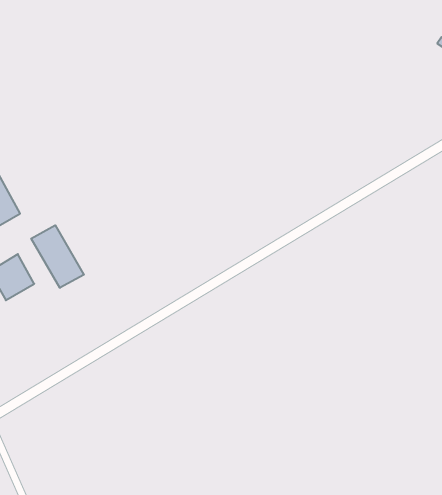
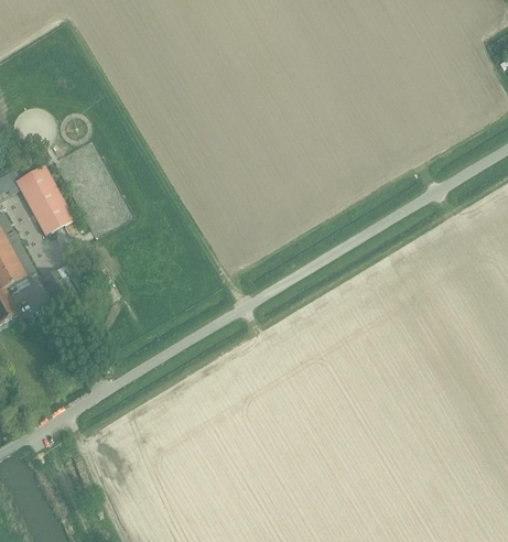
building: [31,225,84,288] -> none

